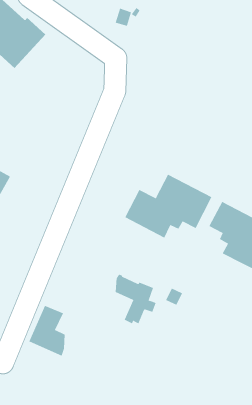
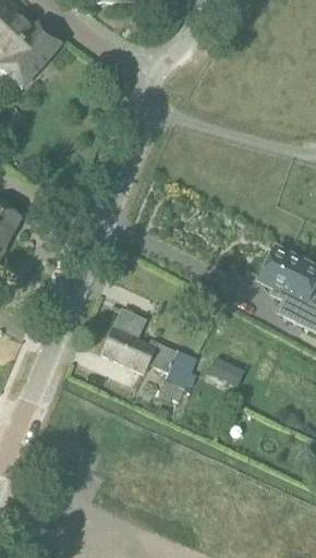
building: [125,174,212,238] -> none
building: [29,305,66,356] -> [100,308,146,372]

